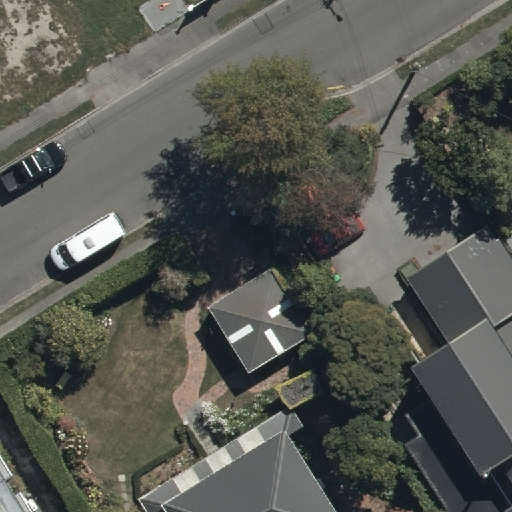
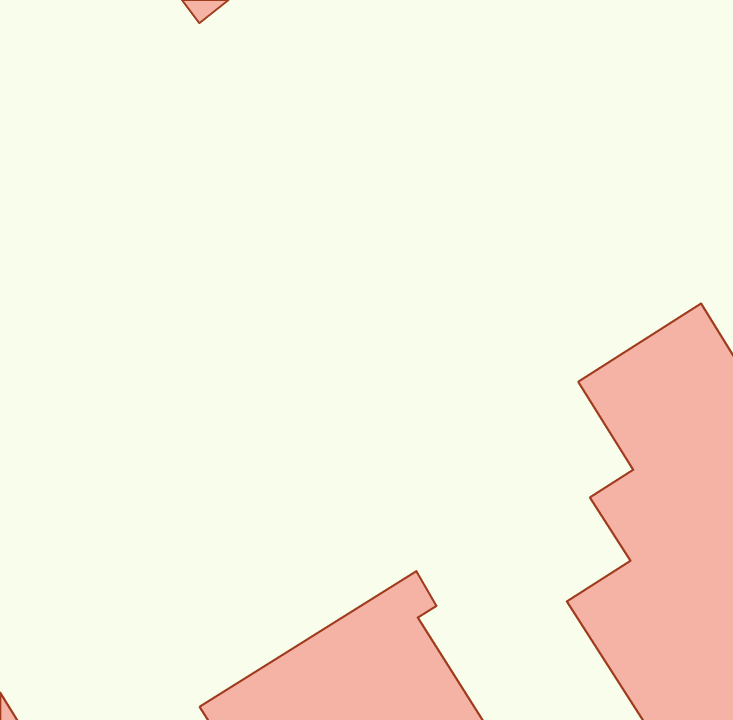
building: [211,276,311,379] -> none

